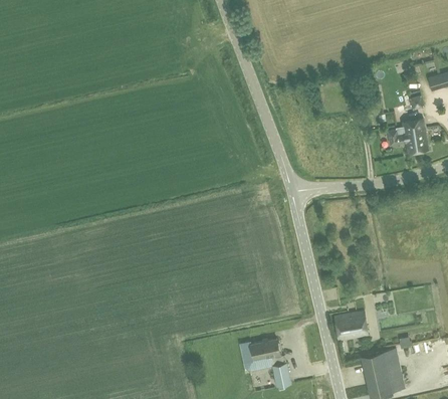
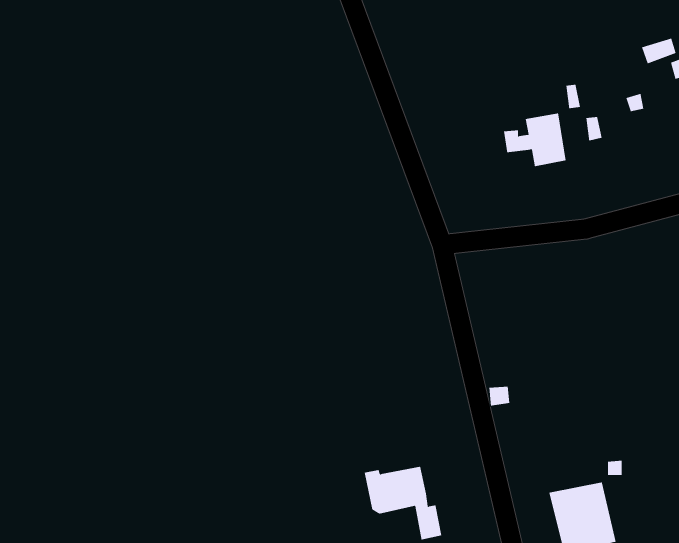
building: [387,118,428,153] -> [503,113,566,167]
building: [333,311,368,339] -> none

